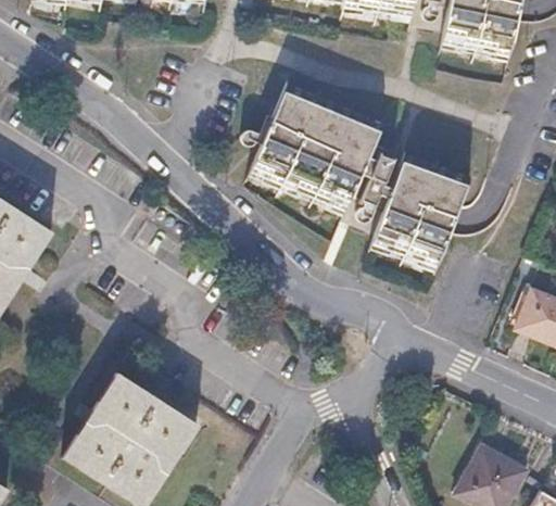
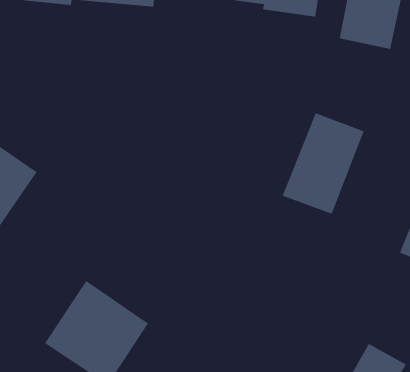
building: [244,79,394,225] -> none

